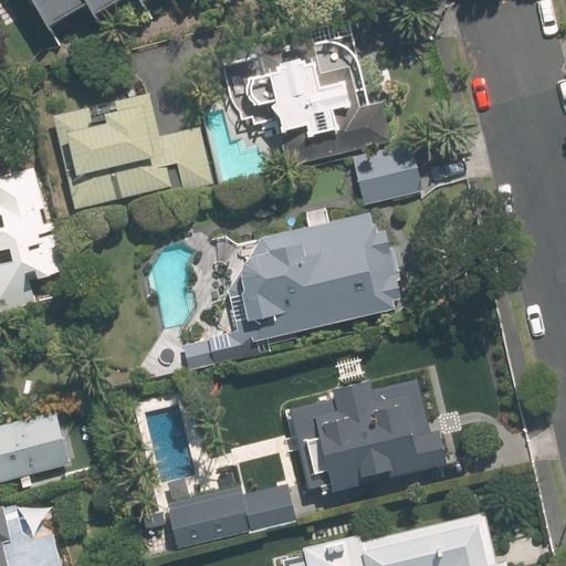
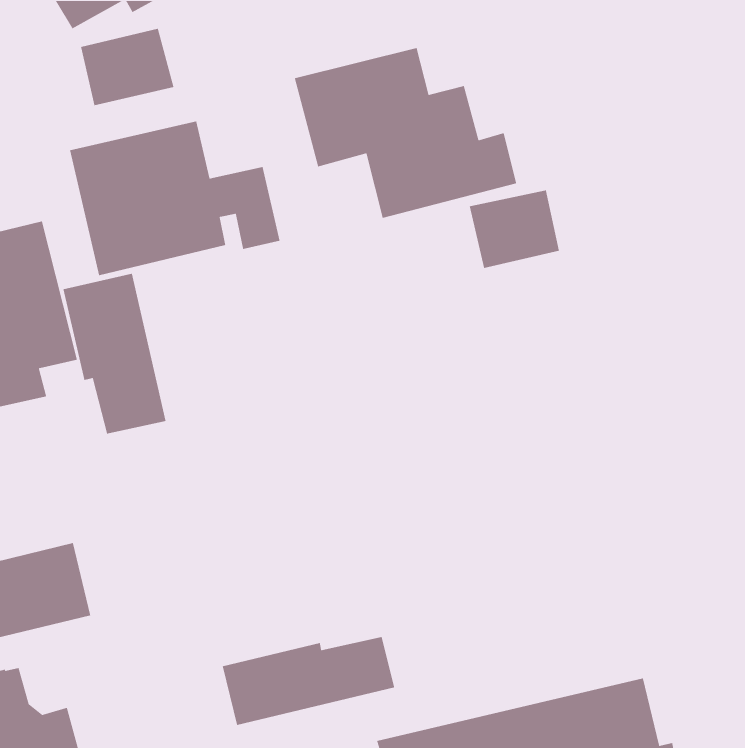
building: none -> [80,28,175,106]
building: none -> [62,273,167,435]
building: [181,211,402,367] -> none
building: [292,378,448,495] -> none

